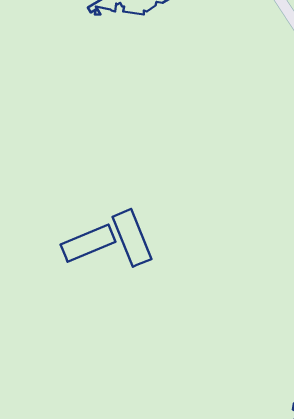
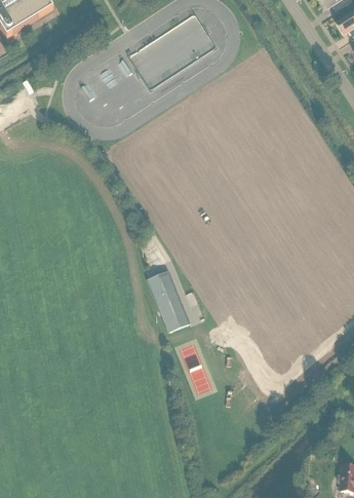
building: [60,225,116,262] -> none

